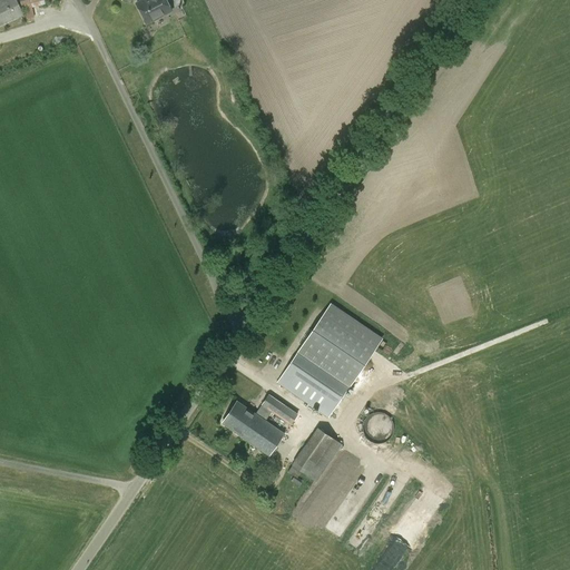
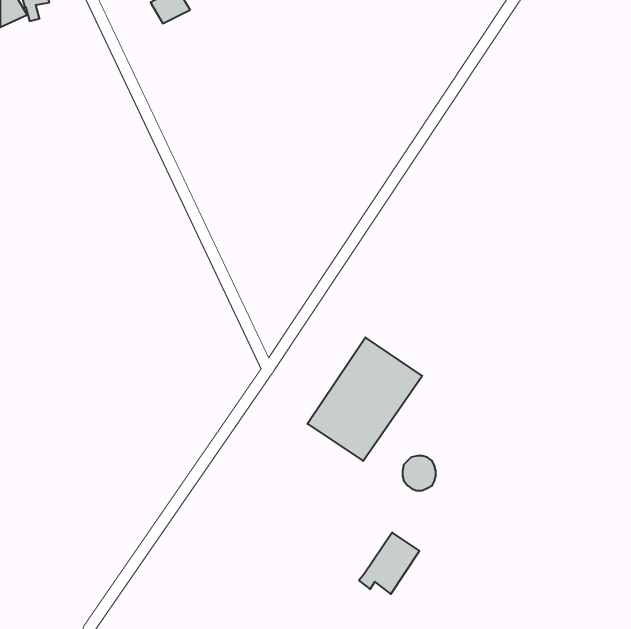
building: [222,392,298,455] -> none
building: [287,425,342,481] -> [359,532,419,594]

